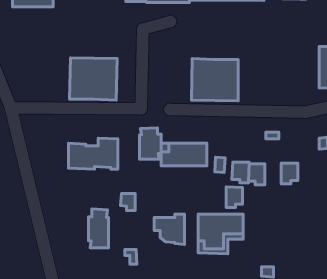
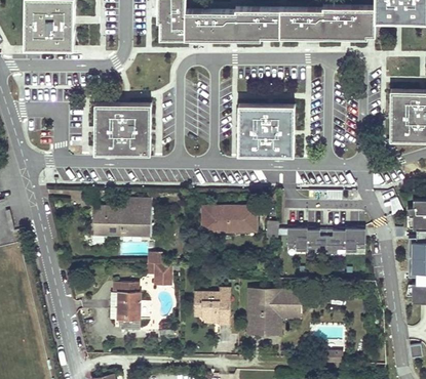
building: [140,128,161,159] -> none
building: [226,187,243,208] -> [325,230,345,255]

